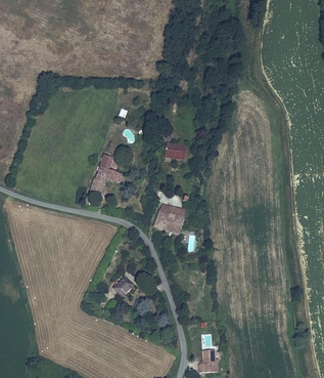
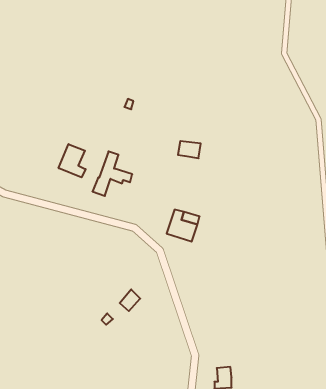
building: none -> [59,144,86,177]

